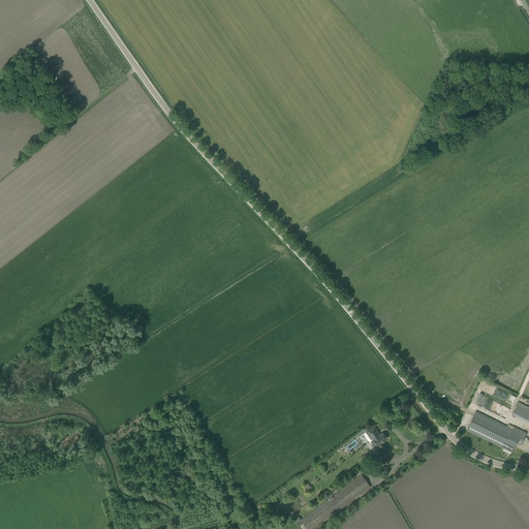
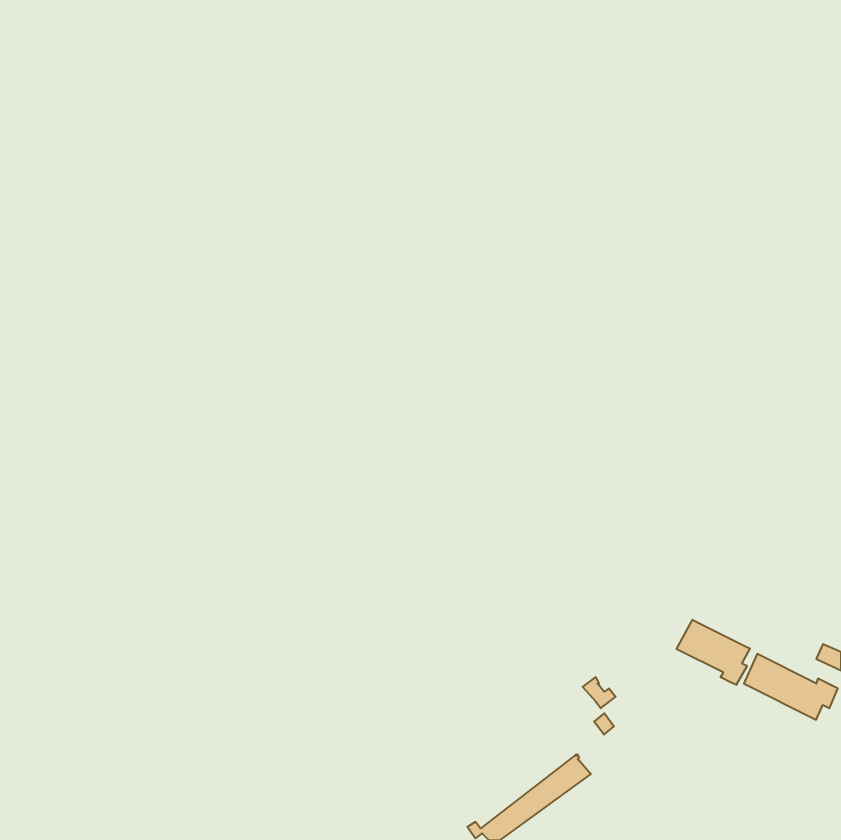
building: none -> [677,620,750,685]

